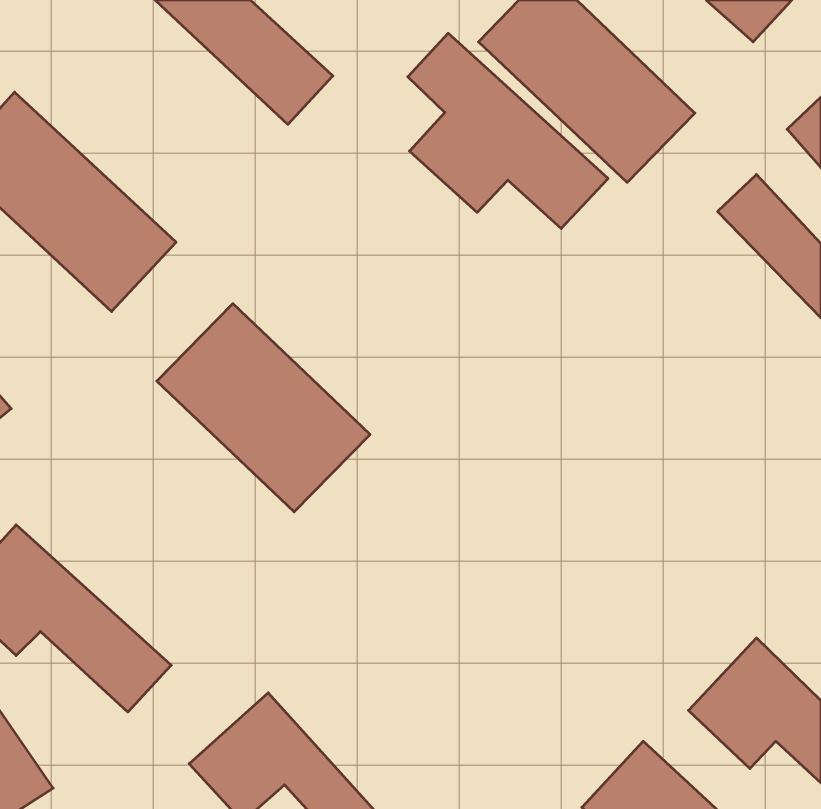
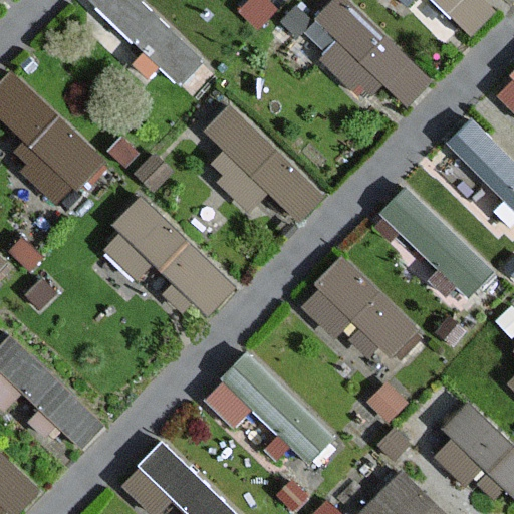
building: [408,33,608,229] -> [202,101,326,223]
building: none -> [379,183,494,299]
building: none -> [297,256,427,383]
building: none -> [212,358,341,478]

